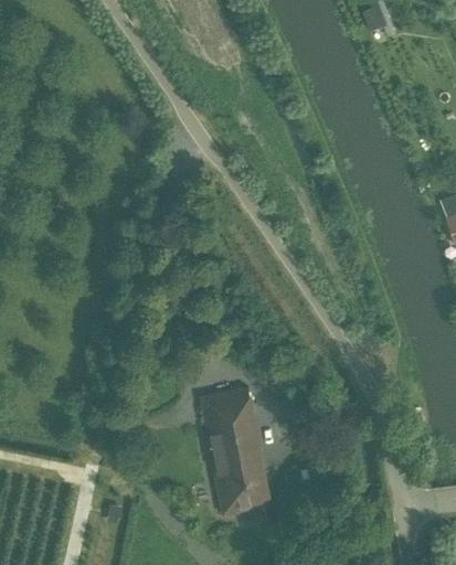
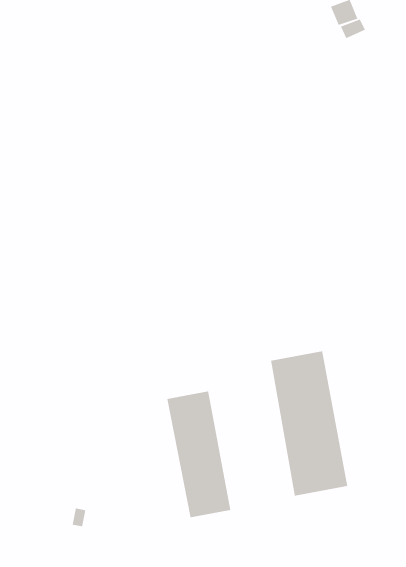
building: none -> [270,351,348,497]

